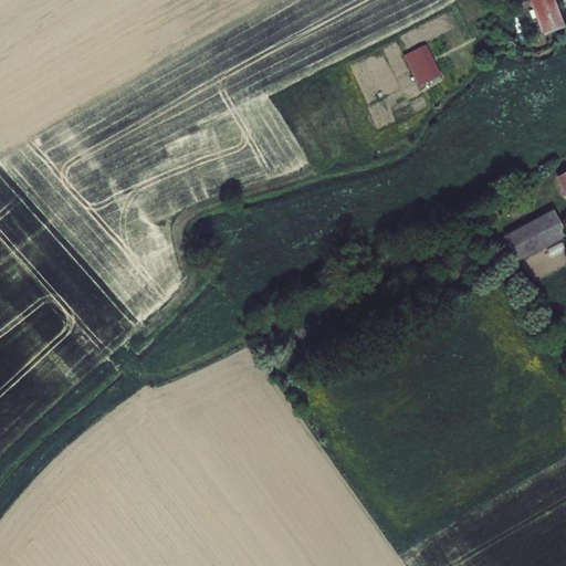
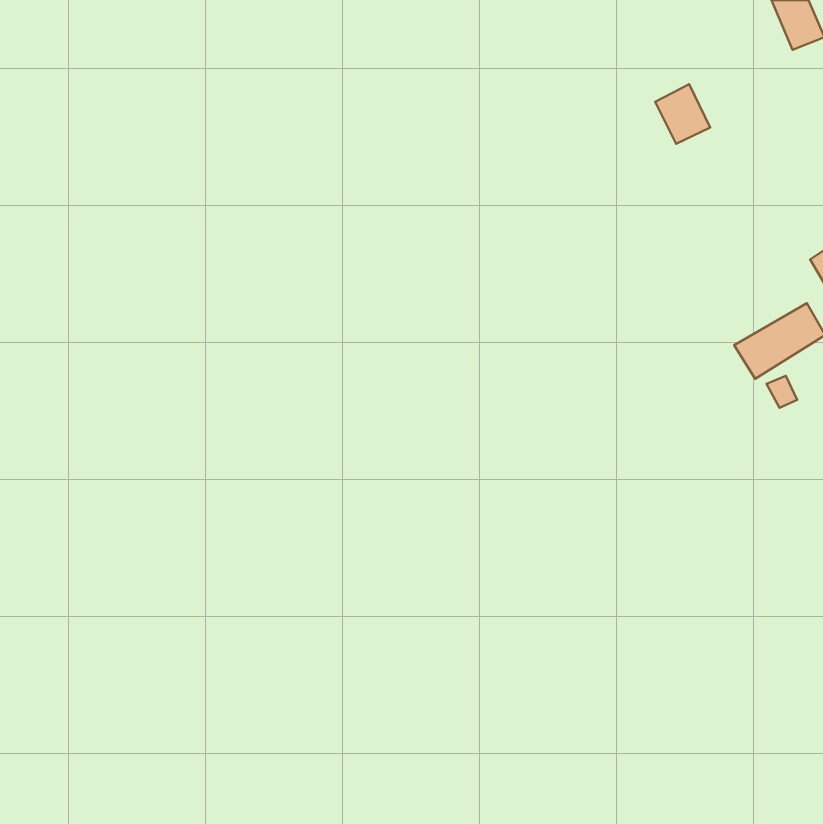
building: [405,45,442,86] -> [655,84,710,144]

